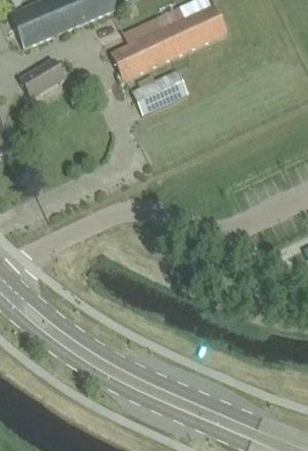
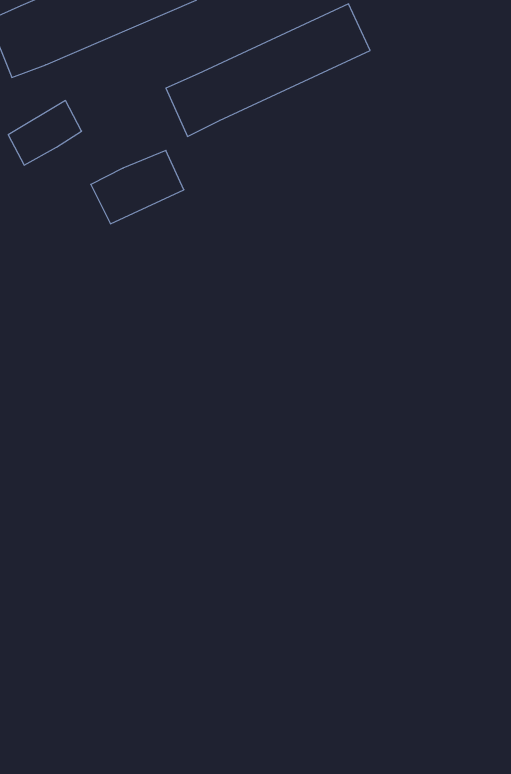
building: [133,71,186,113] -> [91,150,184,224]

